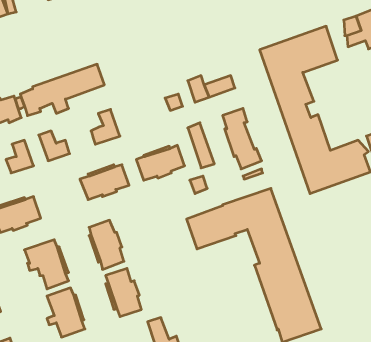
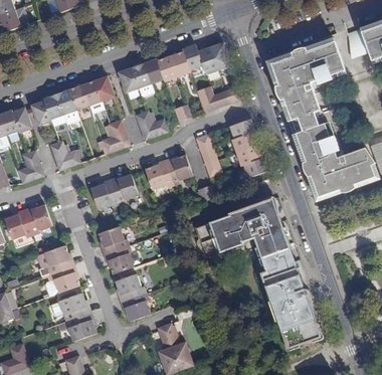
building: none -> [119,41,231,92]
building: none -> [135,110,168,140]

